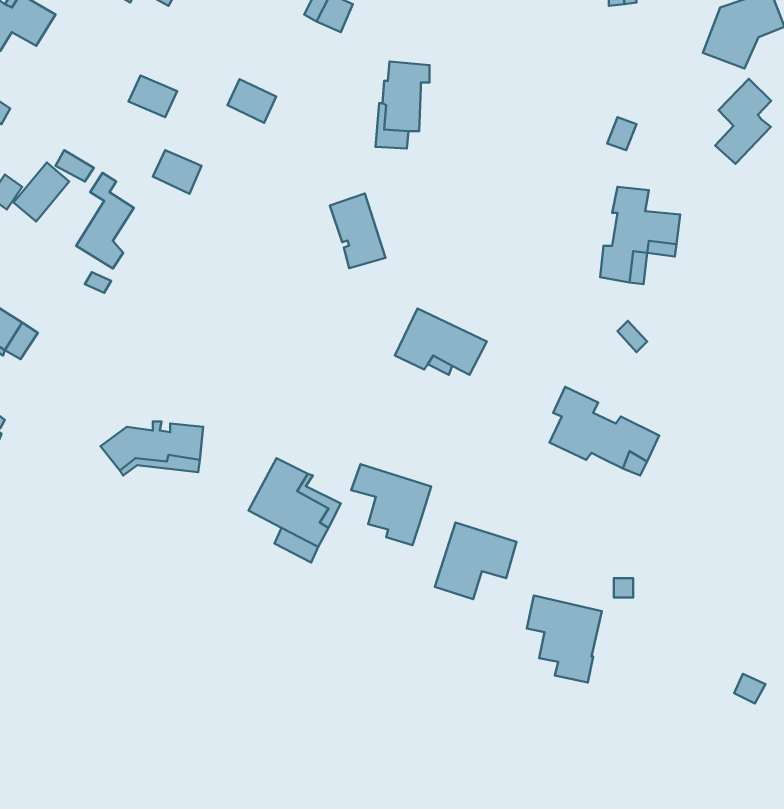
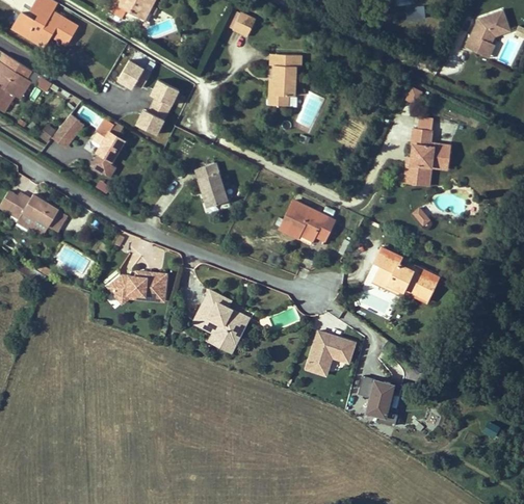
building: [715,79,771,164] -> none
building: [227,79,276,123] -> [150,77,179,103]
building: [330,193,386,268] -> [194,162,228,207]
building: [351,464,431,545] -> none

